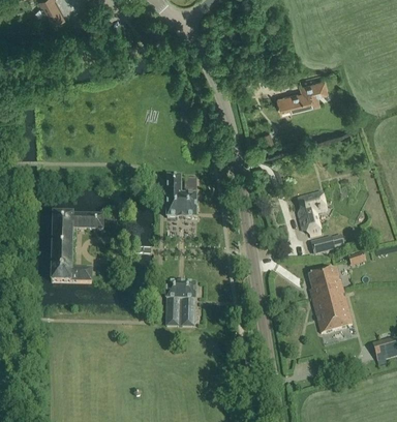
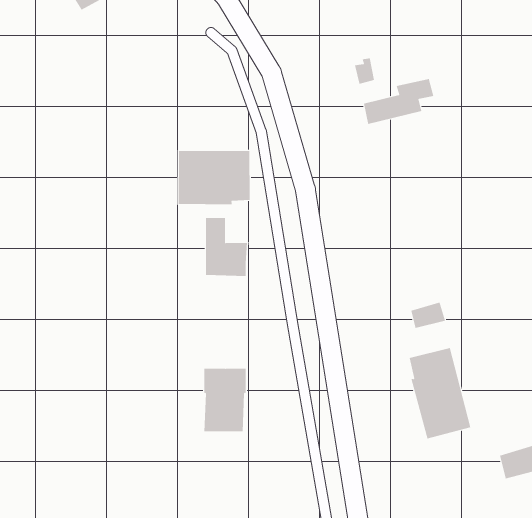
building: none -> [178,150,250,205]
building: [298,193,326,237] -> none
building: [51,214,102,283] -> none

